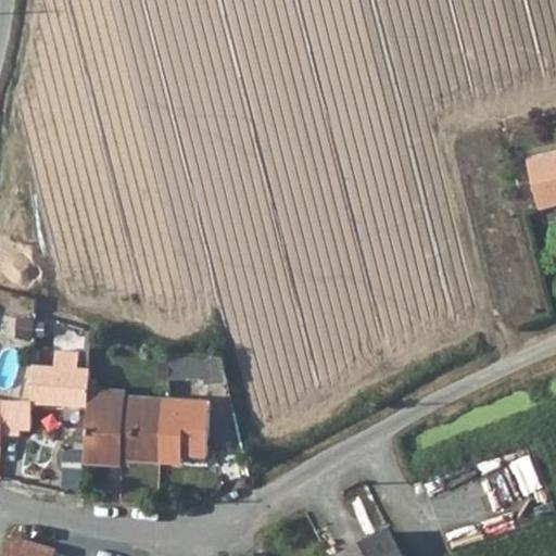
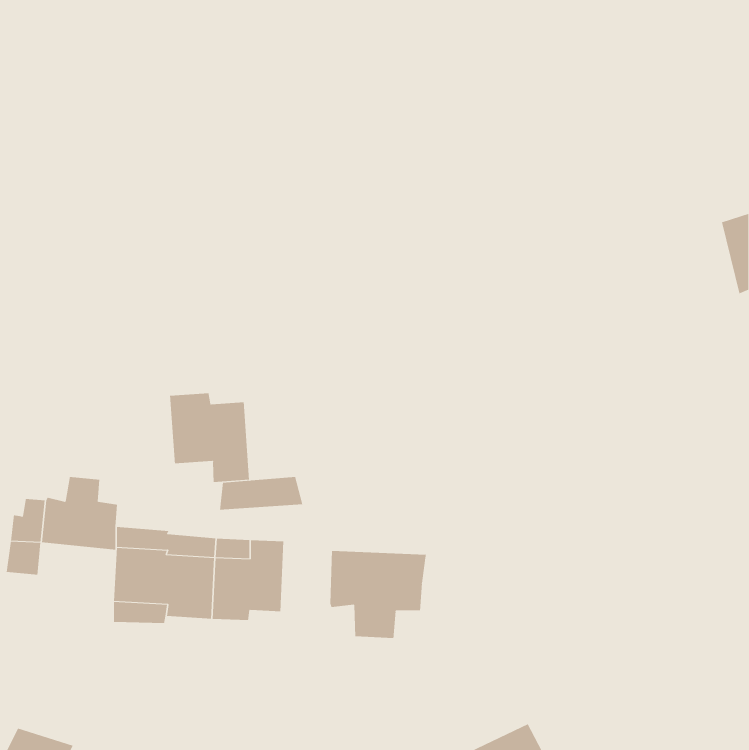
building: none -> [169,392,250,483]
building: none -> [330,550,426,639]

